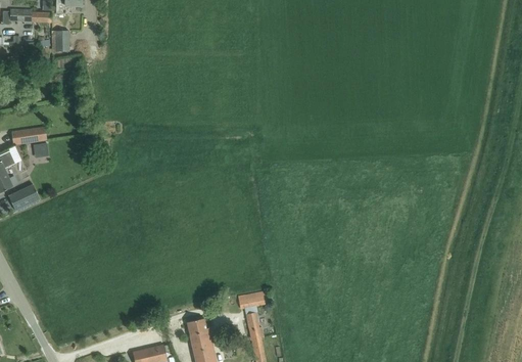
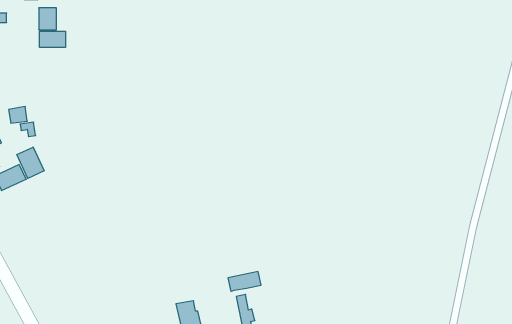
building: none -> [40,31,65,47]
building: none -> [17,147,44,178]

